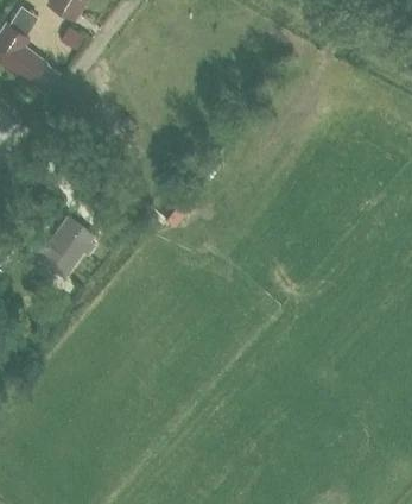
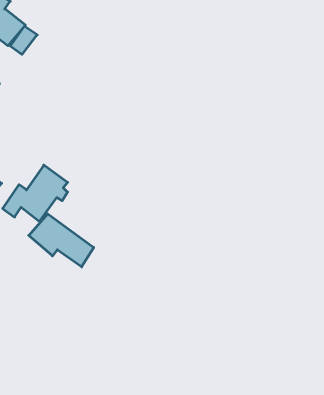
building: none -> [29,214,94,267]

